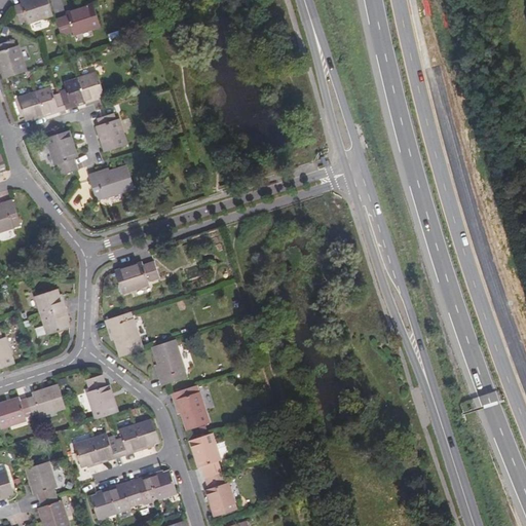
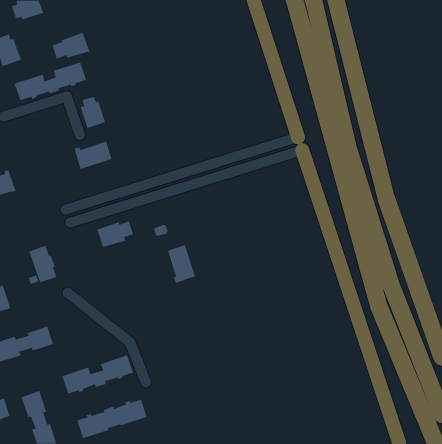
building: [54,4,100,36] -> [52,32,90,59]
building: [44,130,77,176] -> none
building: [105,311,142,358] -> none
building: [152,339,186,385] -> [167,244,196,284]
building: [85,375,117,419] -> none
building: [172,385,209,429] -> none
building: [189,433,235,517] -> none

